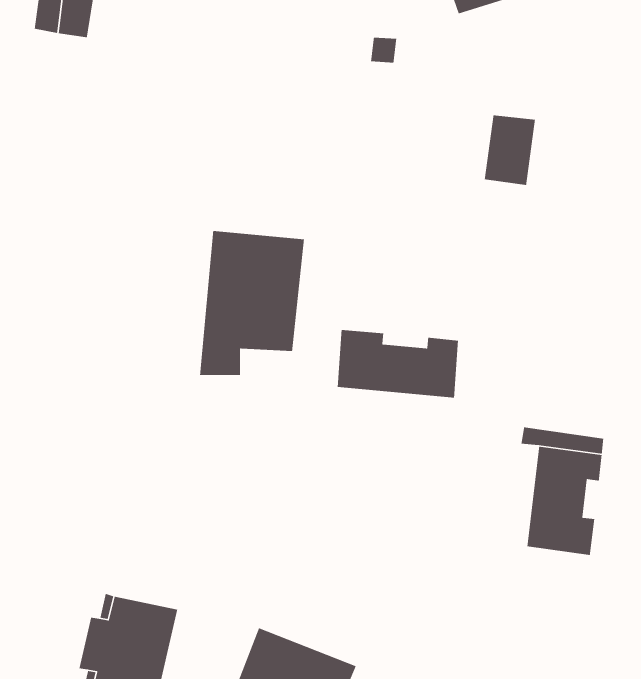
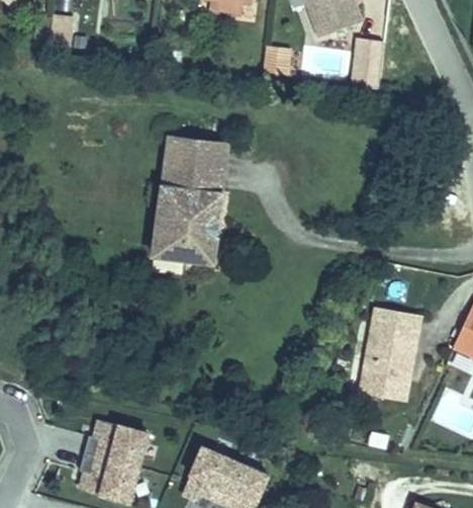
building: [484,115,536,186] -> [350,35,385,84]
building: none -> [160,136,226,183]
building: [337,329,459,399] -> none

